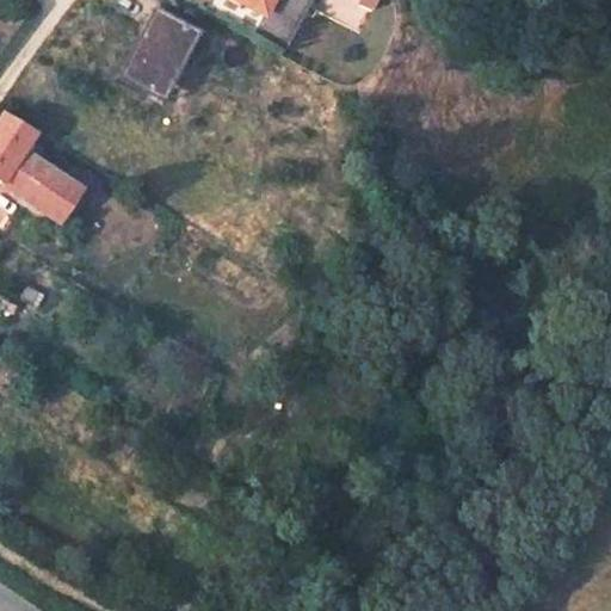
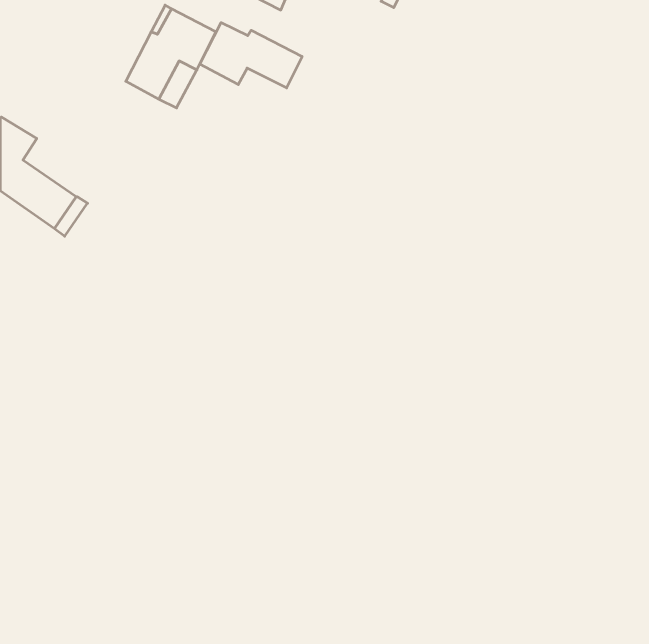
building: none -> [200,23,302,88]

